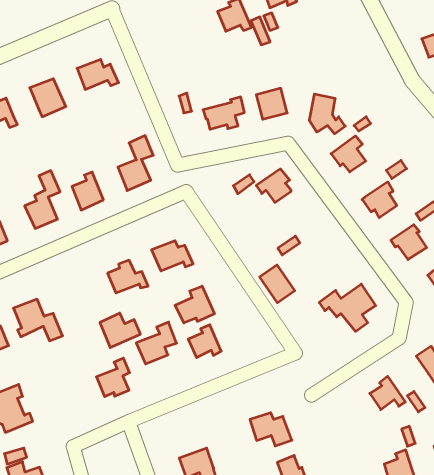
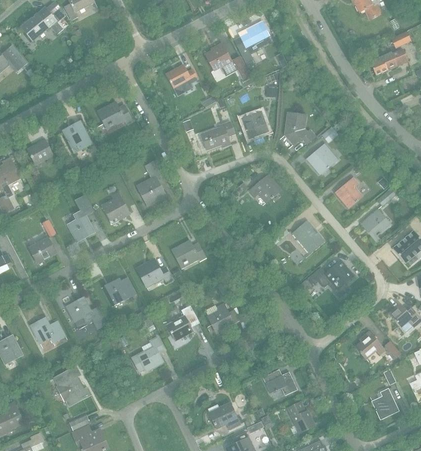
building: none -> [166,64,197,91]
building: [260,265,295,303] -> [293,221,322,251]
building: [175,286,214,323] -> none
building: [100,313,140,348] -> [103,278,136,306]

